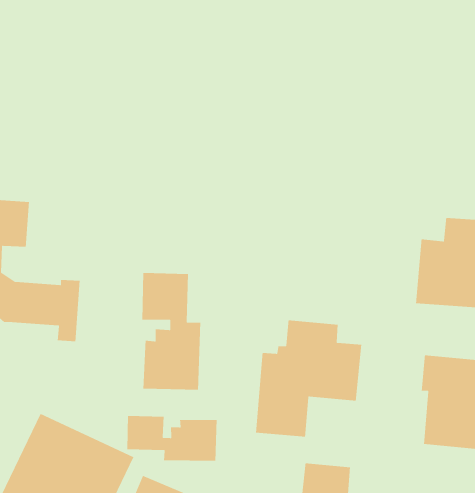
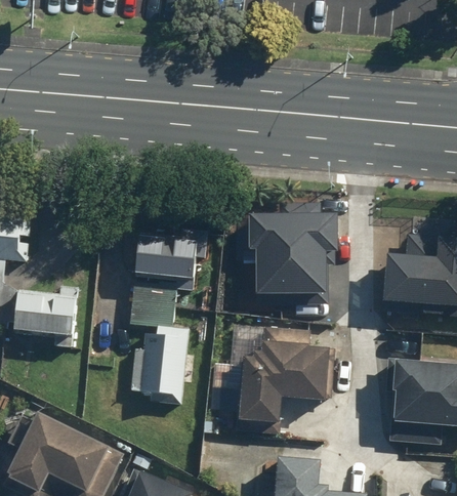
building: none -> [249,204,340,305]
building: none -> [135,236,198,279]
building: [126,415,217,462] -> none

